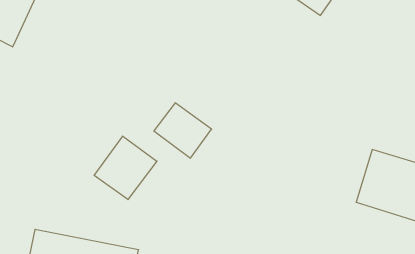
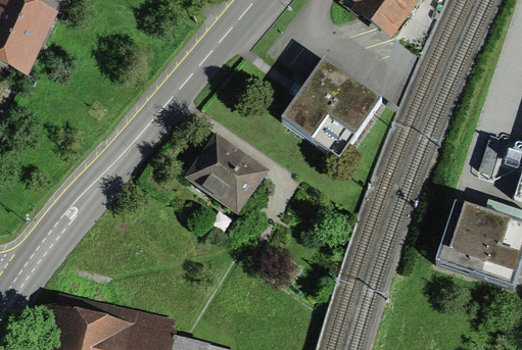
building: none -> [282,64,379,162]
building: [94,136,157,200] -> none

